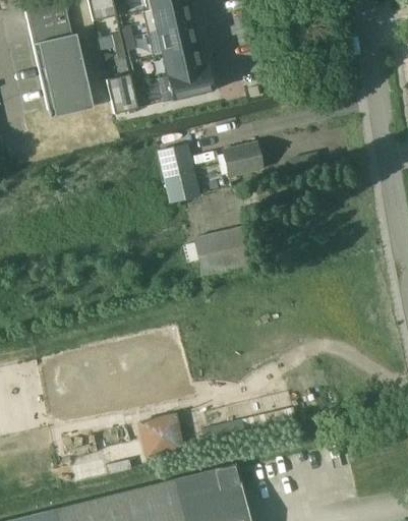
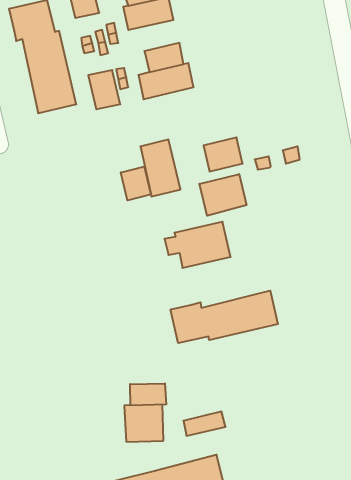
building: [147,23,198,58] -> none
building: none -> [121,166,151,200]
building: none -> [199,174,246,216]
building: none -> [171,291,278,343]
building: none -> [130,383,166,405]

